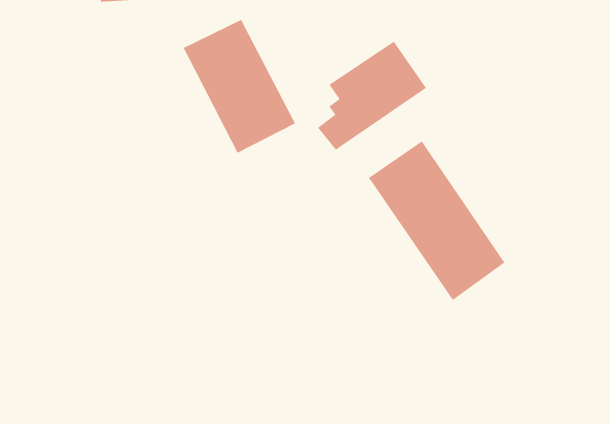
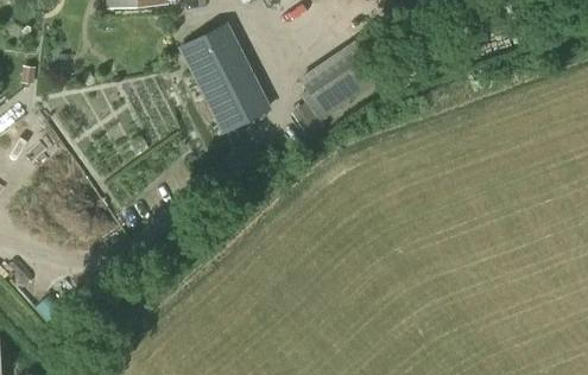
building: [368,141,505,301] -> none

